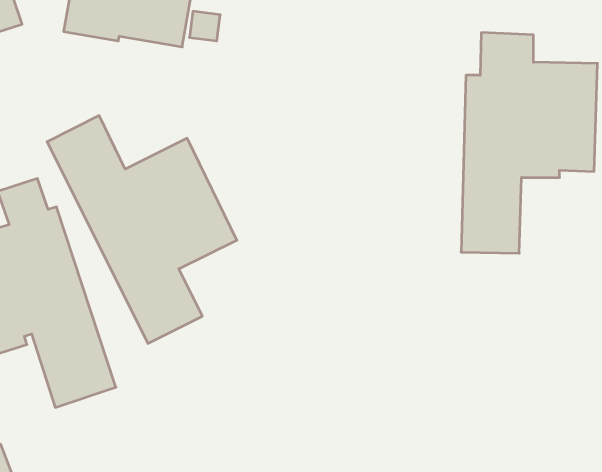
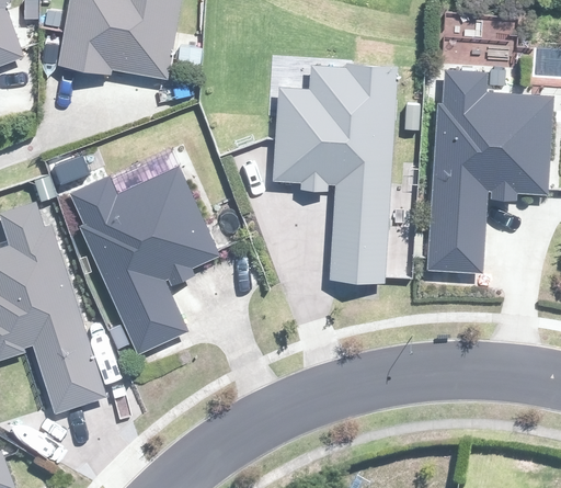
building: none -> [273,61,397,283]

